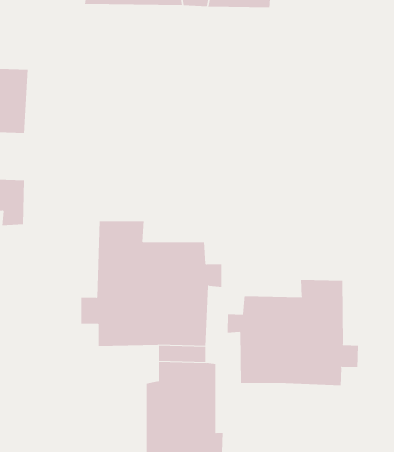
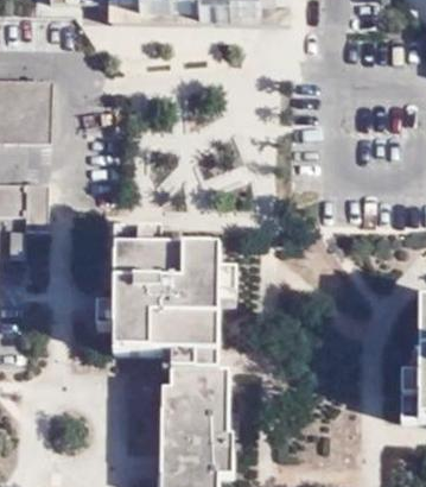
building: [227,279,358,386] -> none

